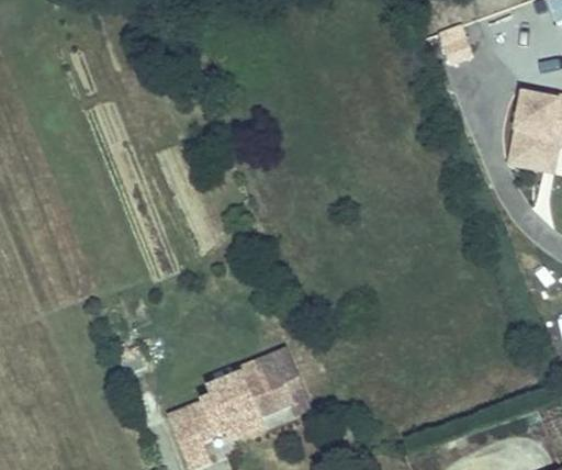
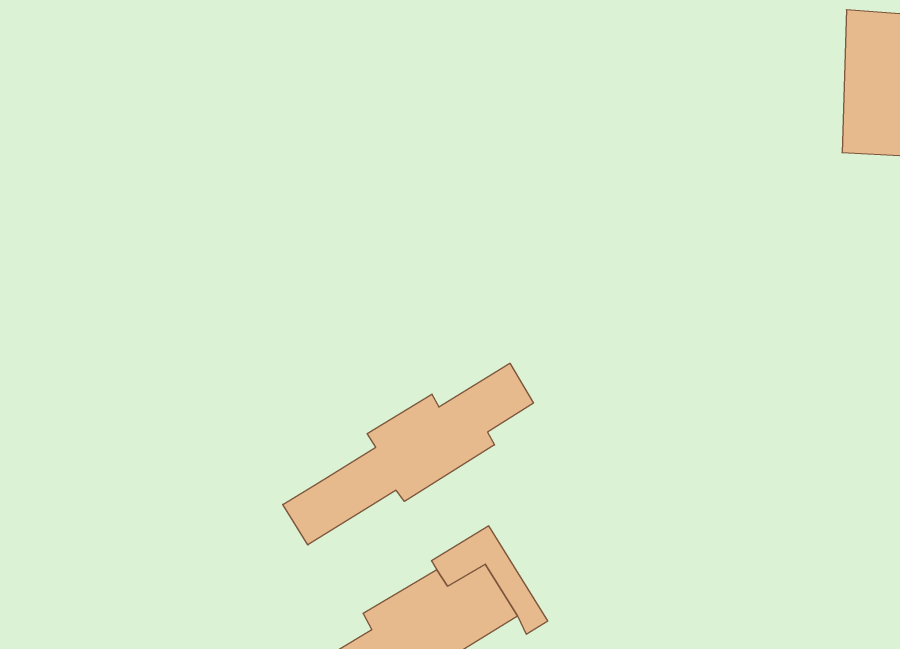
building: none -> [283,363,533,545]

